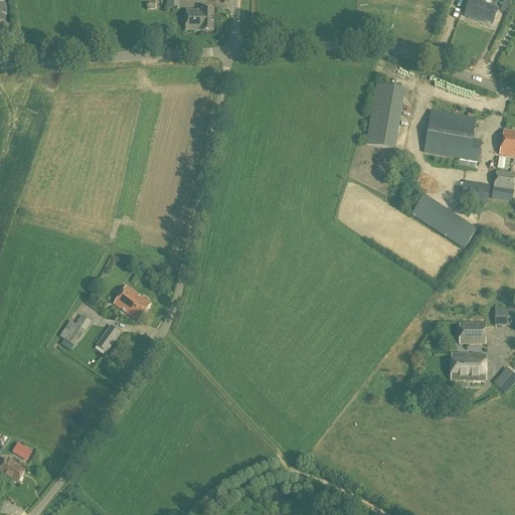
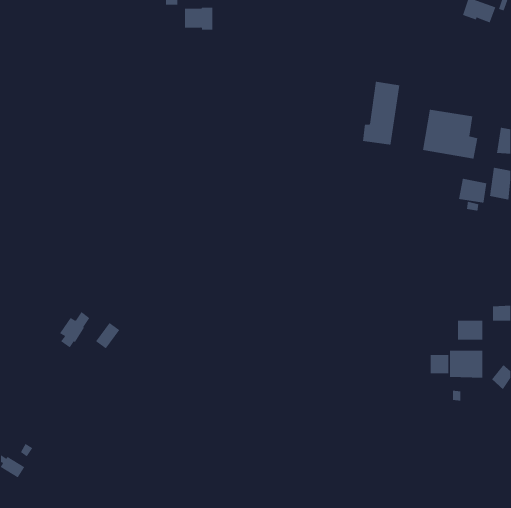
building: [411,194,476,246] -> none
building: [115,285,151,319] -> none
building: none -> [430,354,449,374]

